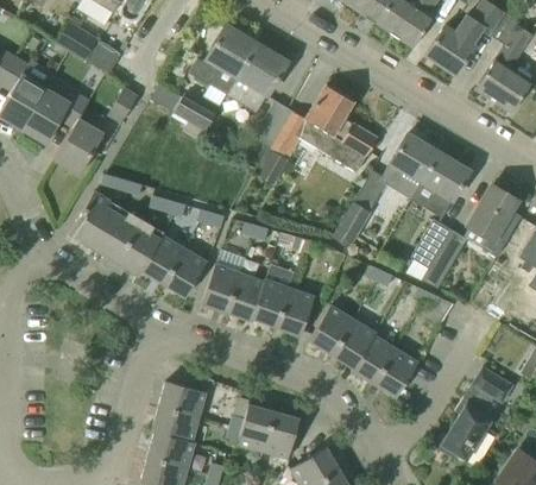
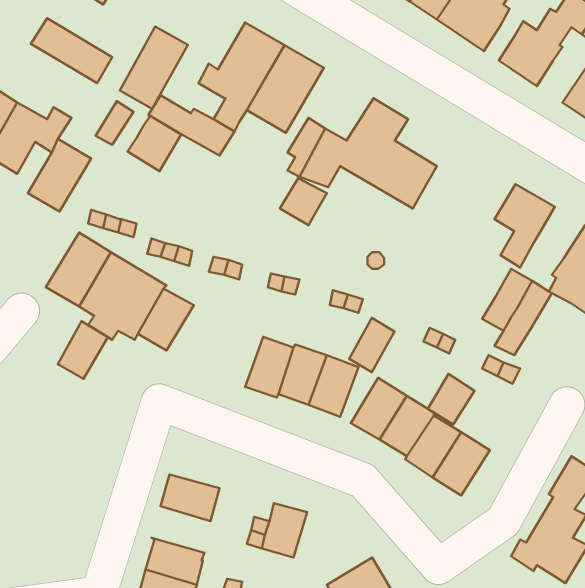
building: none -> [120,27,188,109]
building: none -> [128,116,181,171]
building: [379,133,439,195] -> none
building: [334,202,370,245] -> [349,318,394,372]
building: [164,247,207,296] -> none
building: none -> [58,321,108,379]
building: [201,263,240,311] -> none
building: none -> [428,374,475,424]
building: [152,405,198,442] -> none
building: [264,410,299,454] -> none

